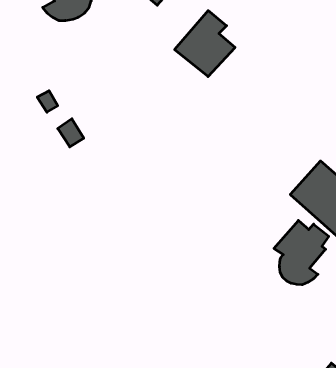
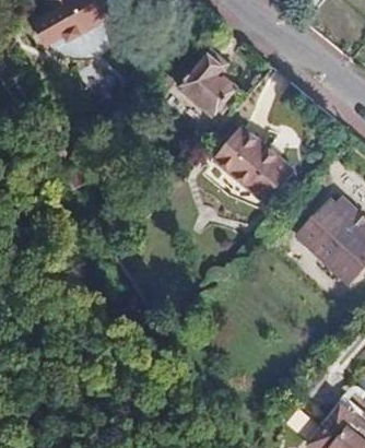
building: none -> [213,122,290,197]
building: [274,220,329,285] -> none

